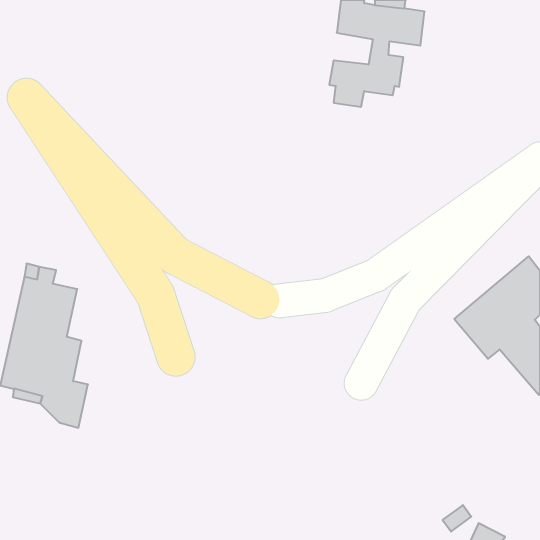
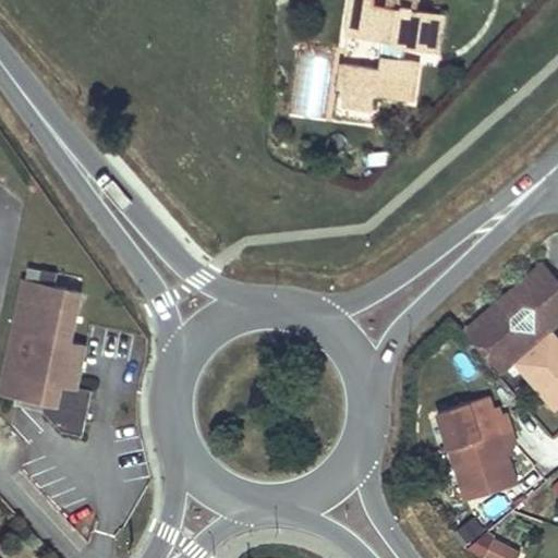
building: none -> [434,381,517,499]

